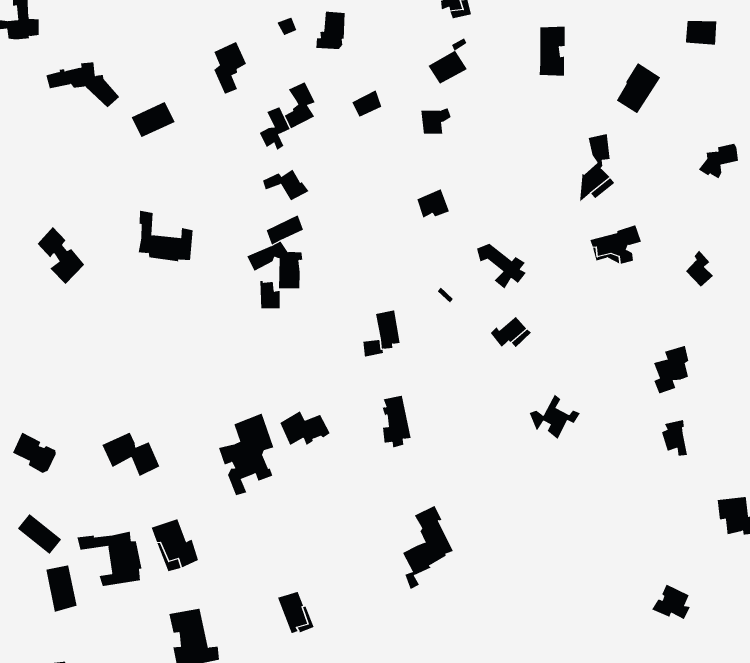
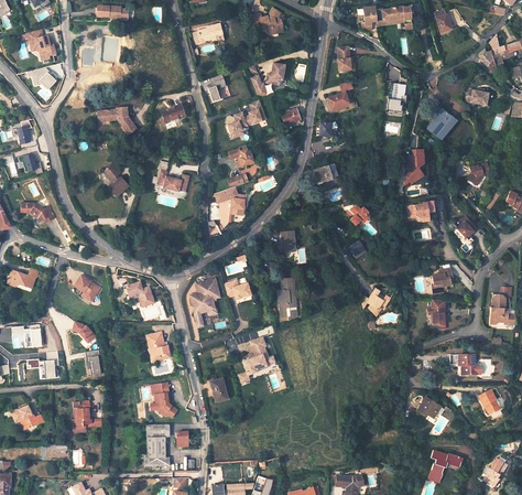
building: [46,62,120,108] -> [94,107,133,133]
building: [402,505,454,590] -> [242,337,271,383]
building: [77,531,142,587] -> none

